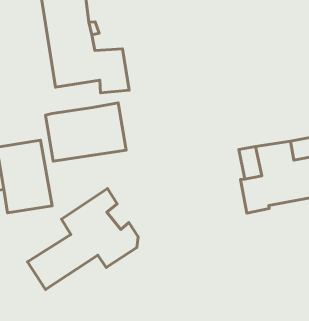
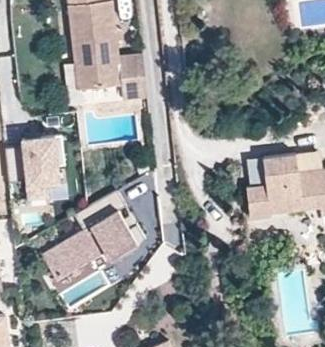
building: [45,103,126,161] -> none

